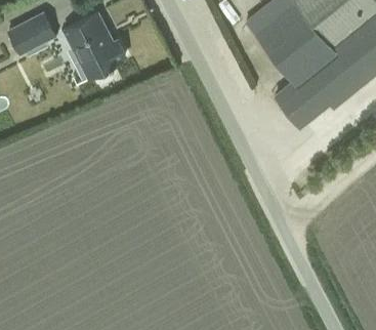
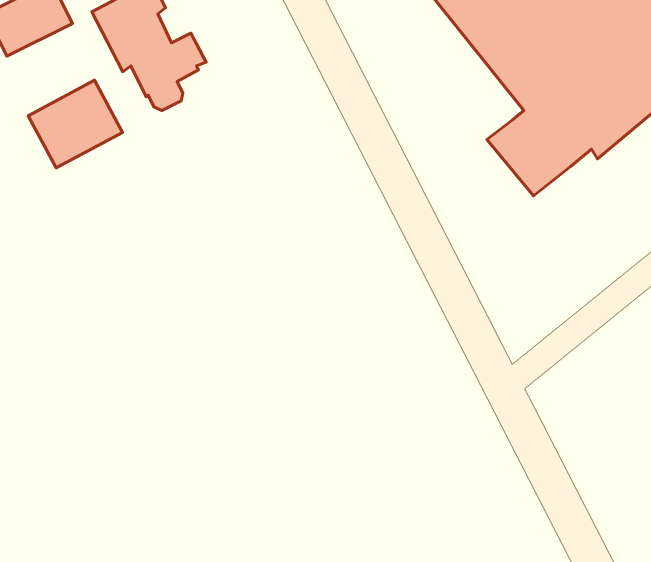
building: none -> [28,80,122,168]

